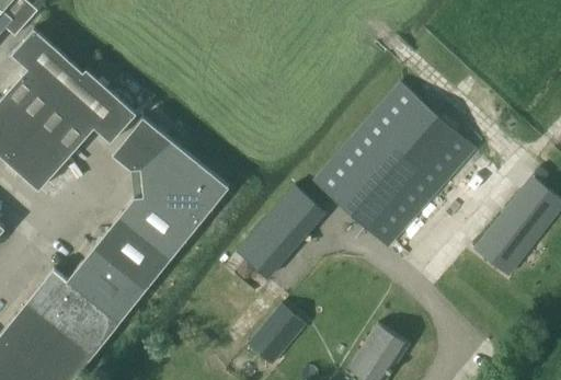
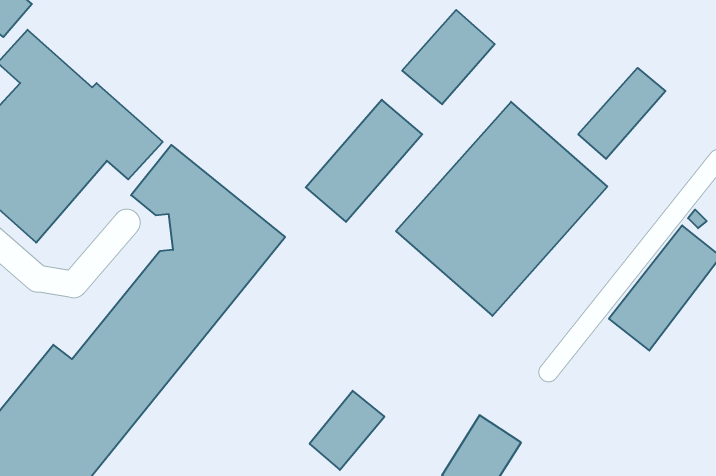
building: none -> [402,10,495,104]
building: none -> [578,68,665,159]
building: [237,185,325,278] -> [306,100,422,222]

